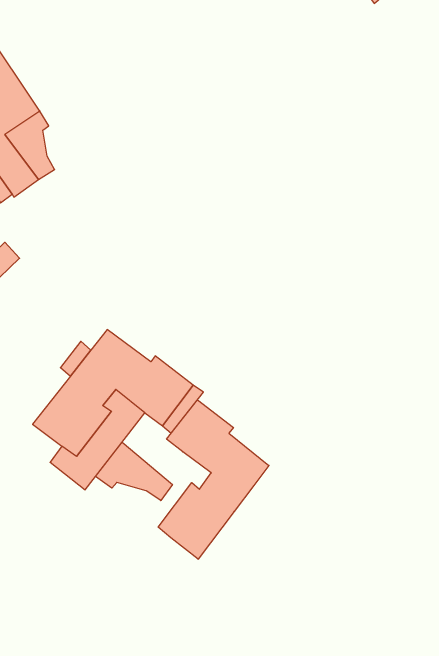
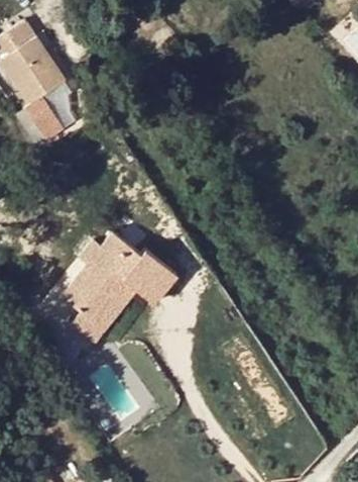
building: [158,400,269,559] -> none
building: [95,442,172,501] -> none

